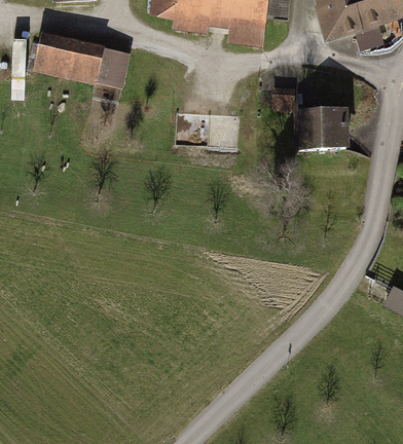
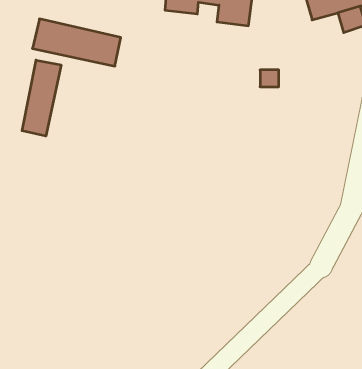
building: none -> [22,60,61,136]
building: [297,110,345,149] -> none

